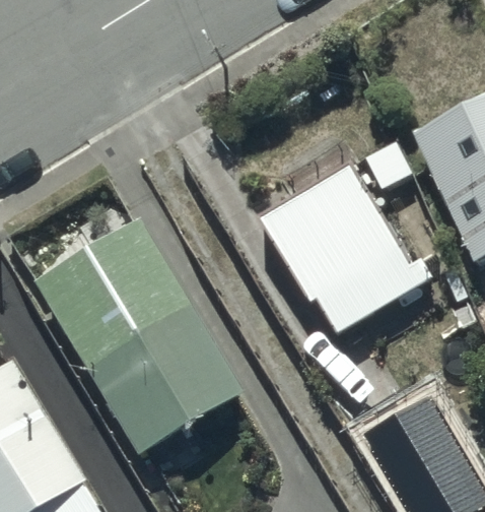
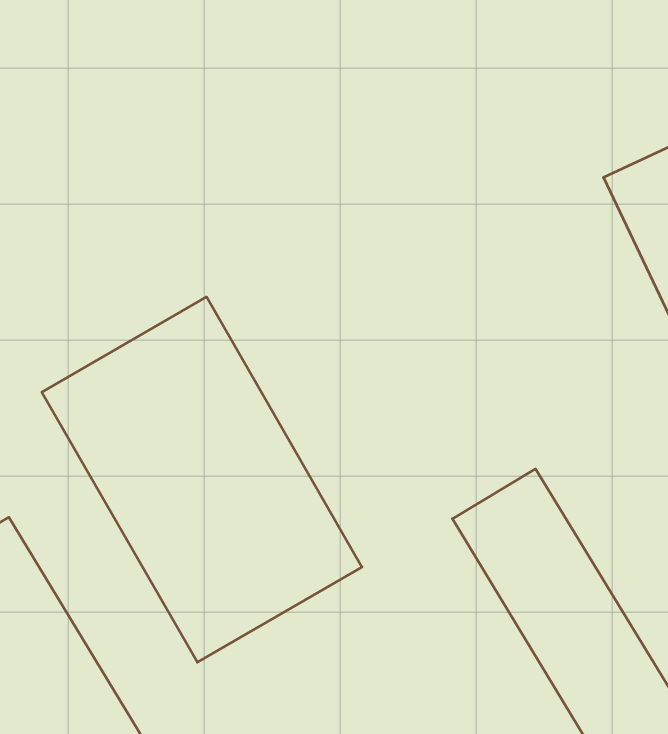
building: [259,162,425,337] -> none

